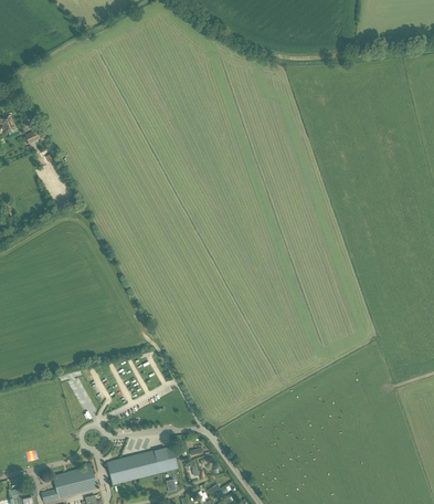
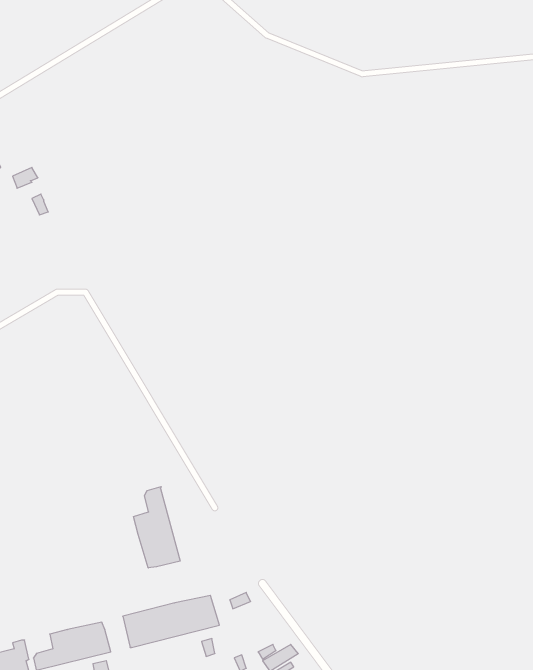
building: none -> [133,487,180,568]

